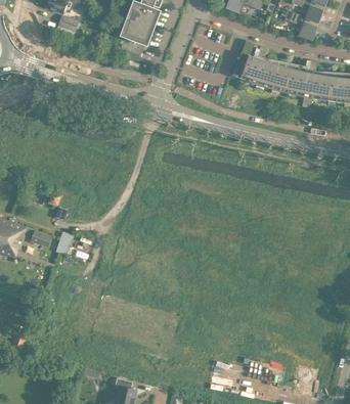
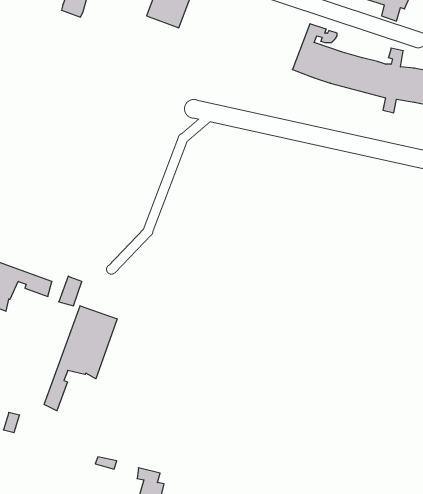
building: none -> [44,306,117,411]

